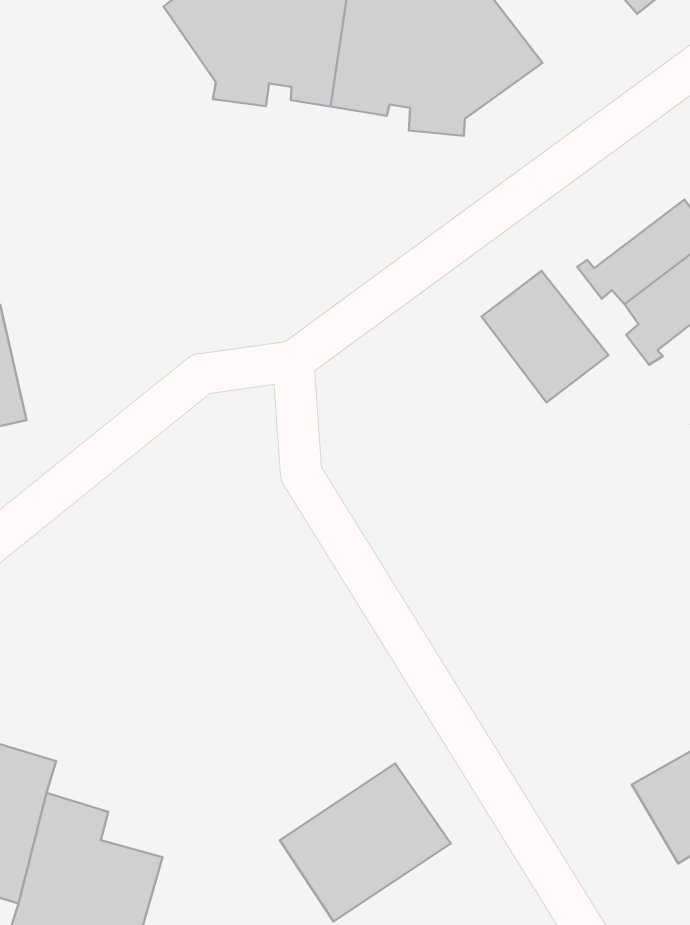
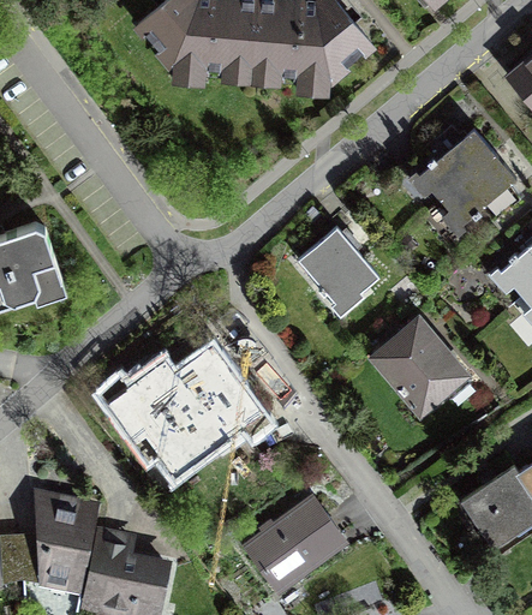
building: [482,271,609,402] -> [299,232,381,315]
building: none -> [379,320,472,414]
building: none -> [106,345,267,474]

